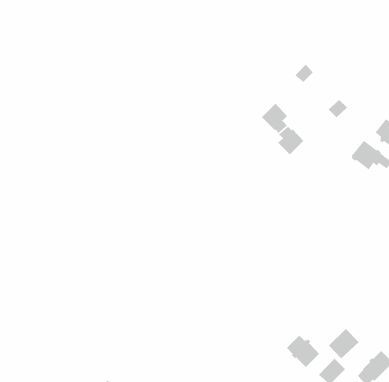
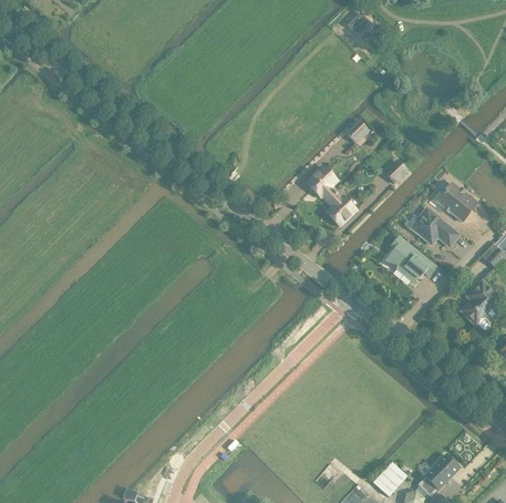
building: none -> [390,236,435,281]
building: [328,328,360,359] -> none
building: [286,335,320,368] -> none

